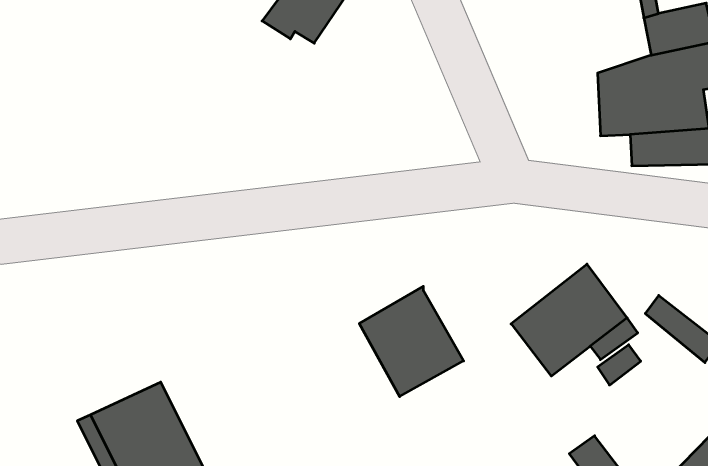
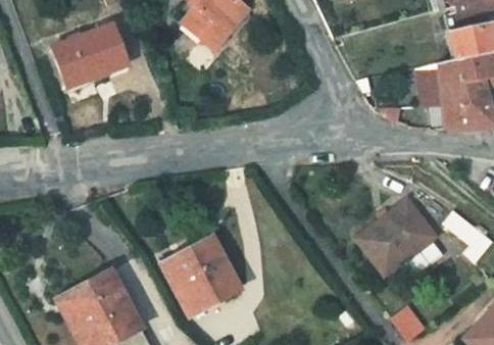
building: none -> [54,26,129,89]
building: [359,286,464,397] -> [168,237,240,312]

